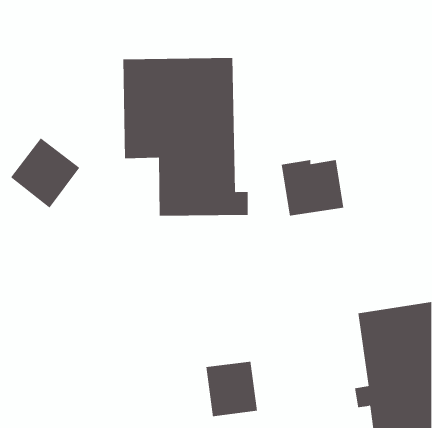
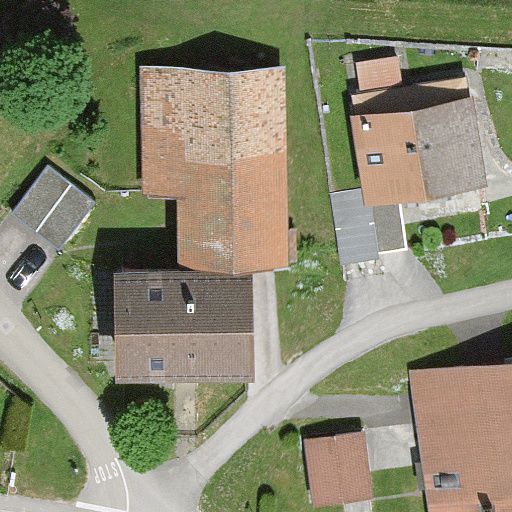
building: none -> [357,82,477,189]
building: none -> [123,271,247,374]
building: [205,361,258,417] -> [307,436,369,502]

